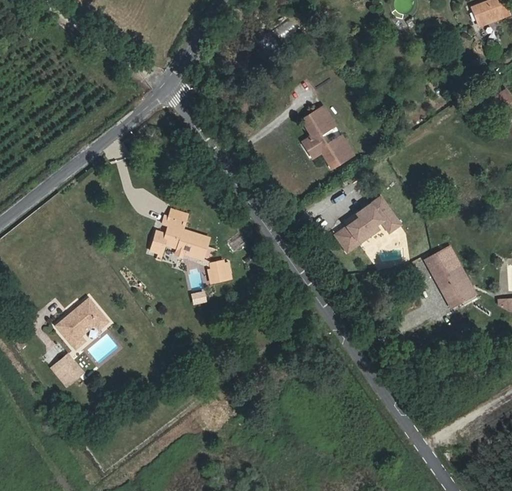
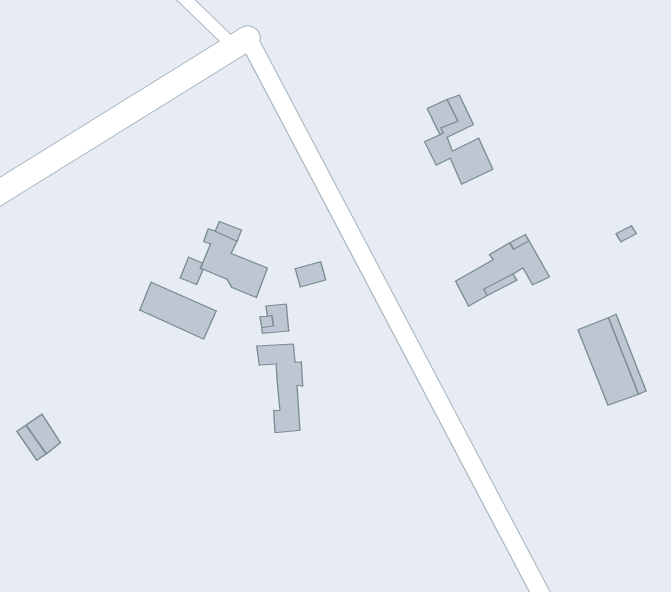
building: none -> [140,282,216,339]
building: none -> [257,344,302,433]
building: [54,302,106,353] -> none

